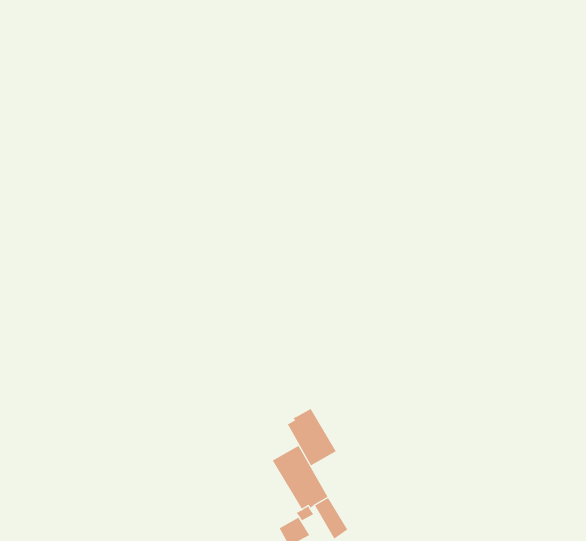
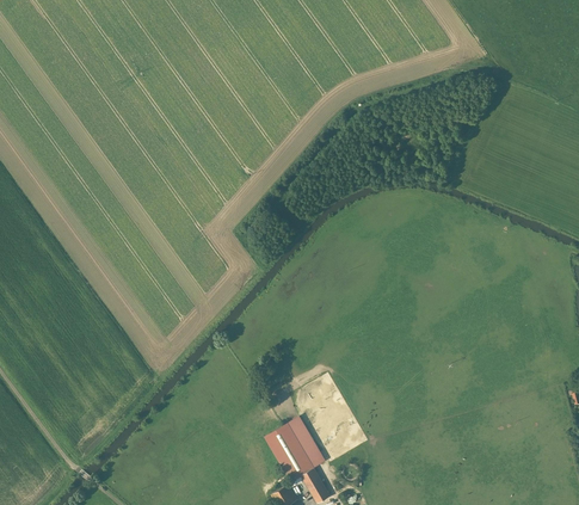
building: [287,408,336,466] -> none

